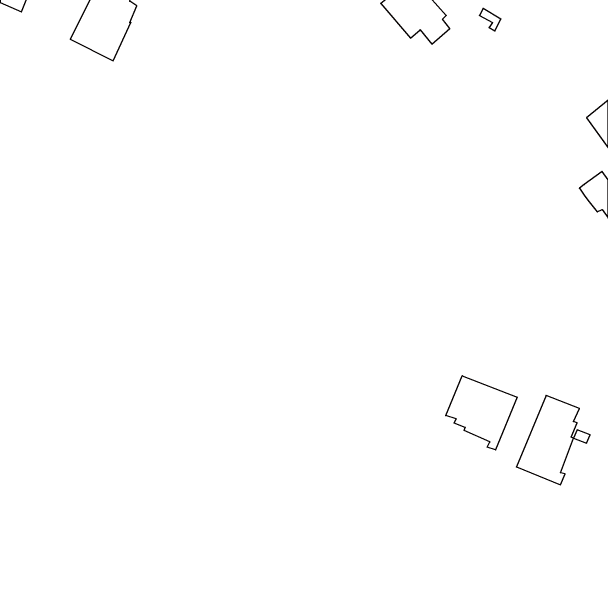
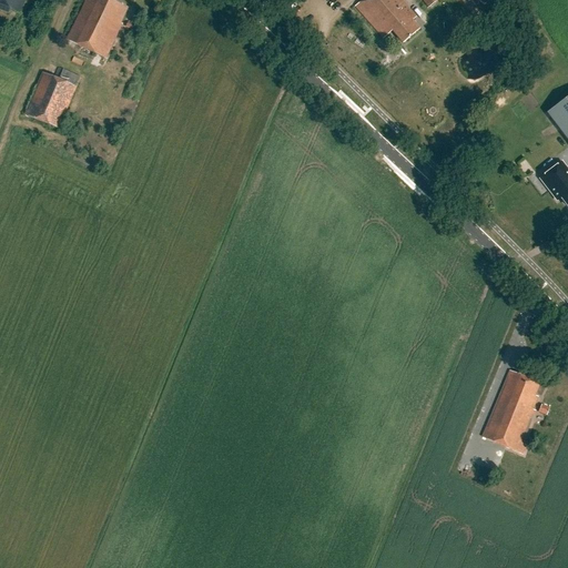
building: none -> [24,67,80,126]
building: [446,376,517,450] -> none

